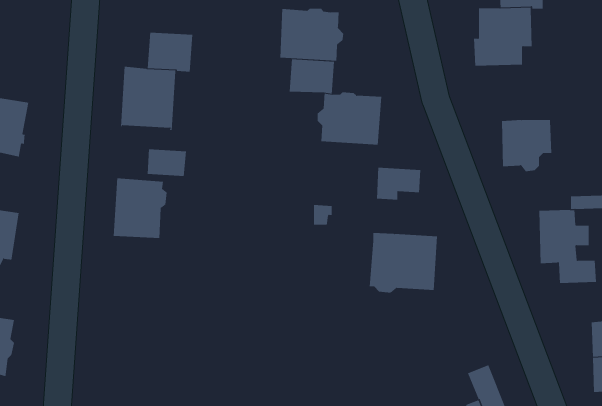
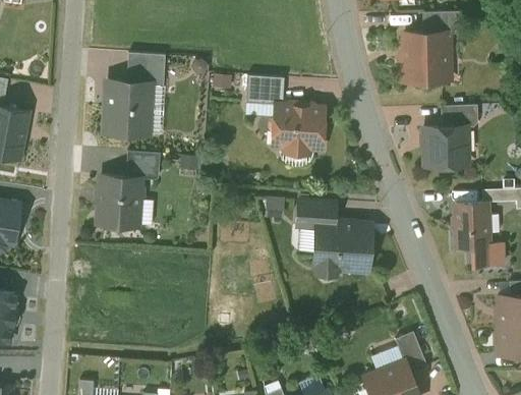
building: [280,8,344,61] -> none
building: none -> [441,105,477,128]
building: [376,167,421,200] -> [297,202,335,229]

